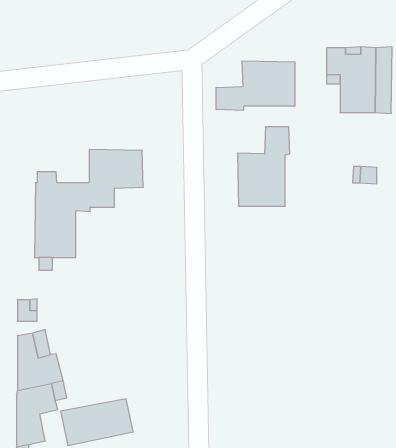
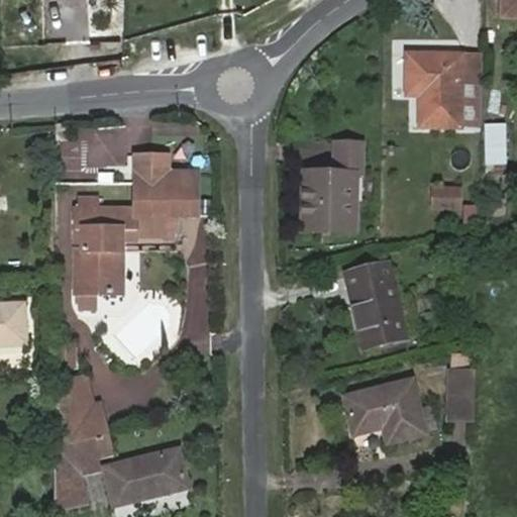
building: [216,61,295,110] -> none
building: none -> [349,265,407,347]
building: none -> [450,371,476,421]
building: none -> [346,381,426,441]

